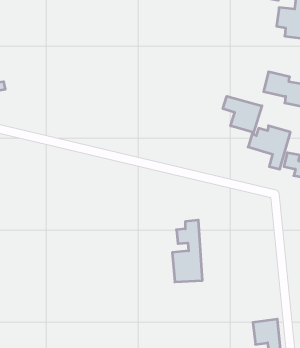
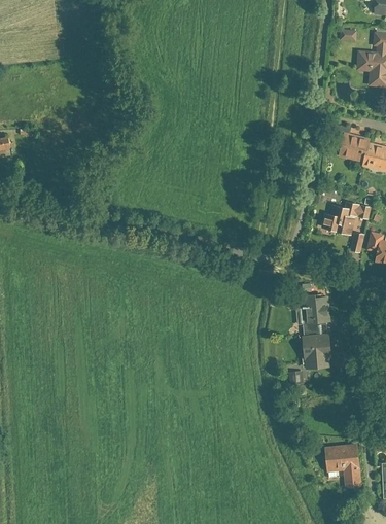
building: [223,96,262,133] -> none
building: [172,220,202,282] -> [296,290,335,369]

